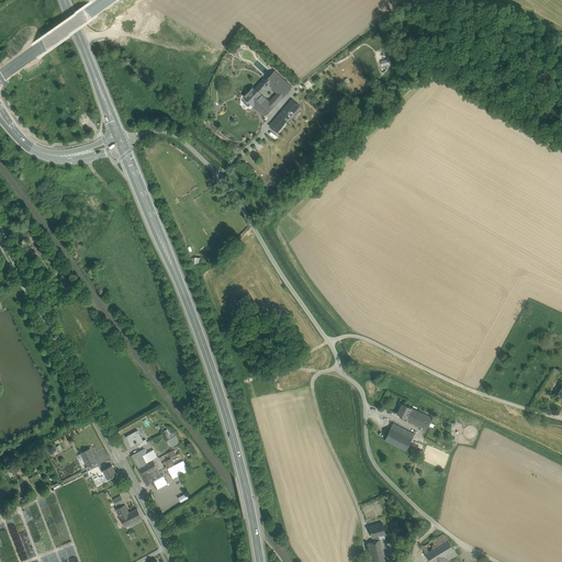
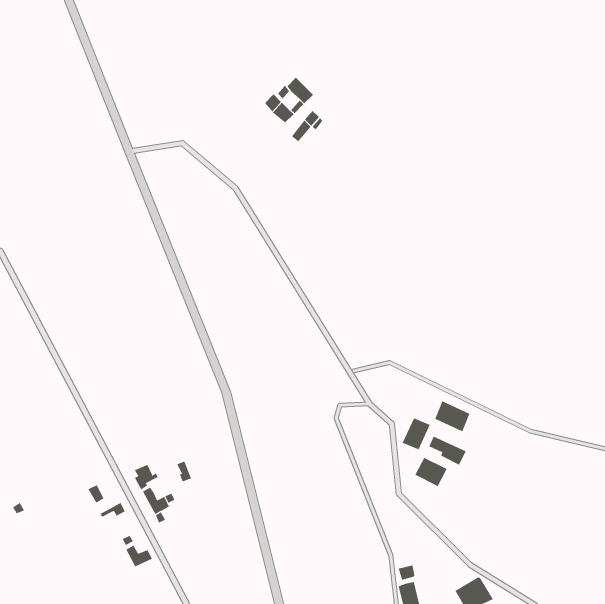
building: none -> [434,401,470,432]
building: none -> [402,418,431,450]

